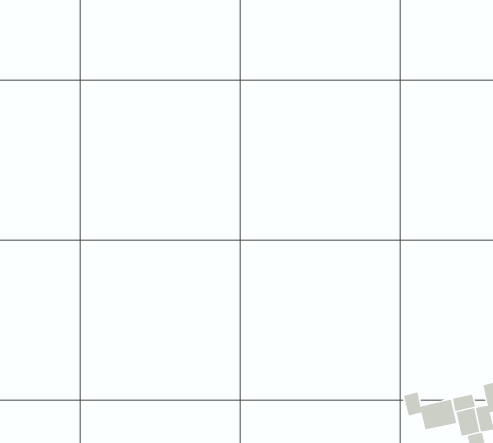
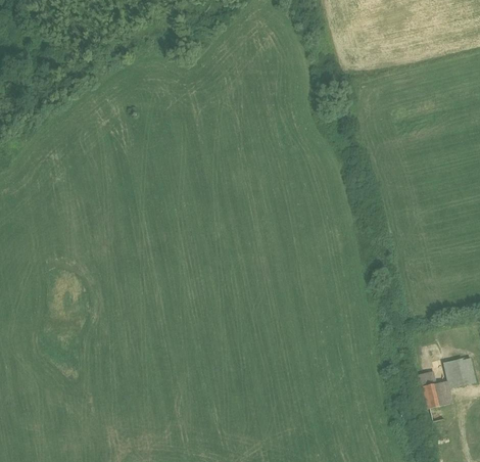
building: [403,391,457,430] -> none

